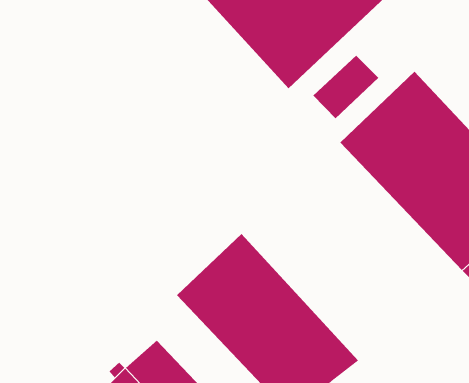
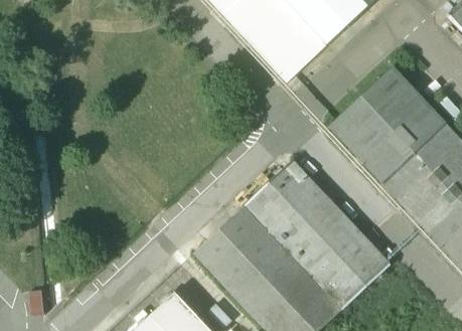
building: [313,55,379,119] -> none
building: none -> [248,161,392,307]

